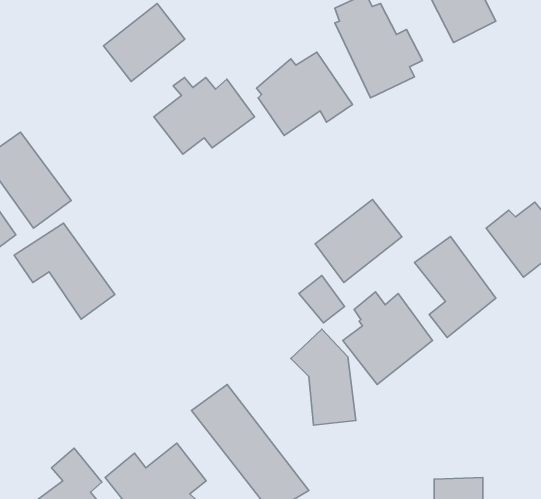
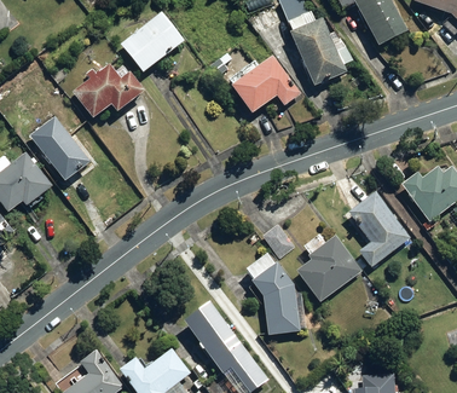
building: [154,78,255,154] -> [70,63,145,120]
building: [315,199,402,283] -> none
building: [14,223,115,319] -> none

